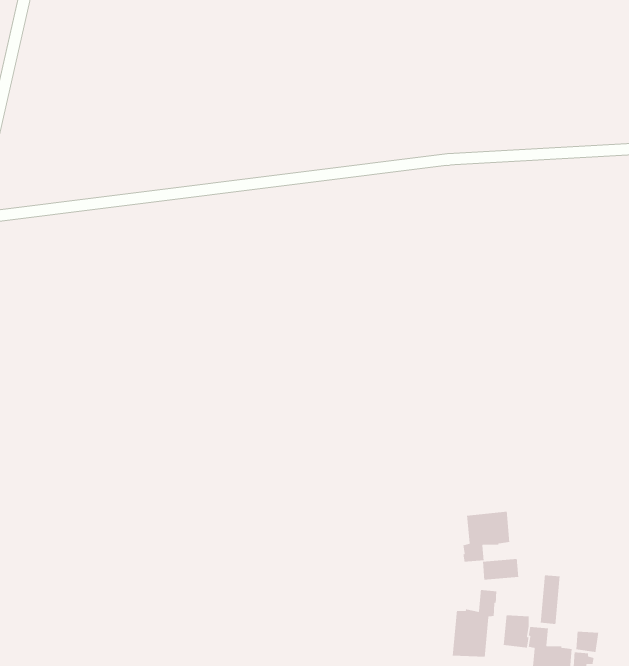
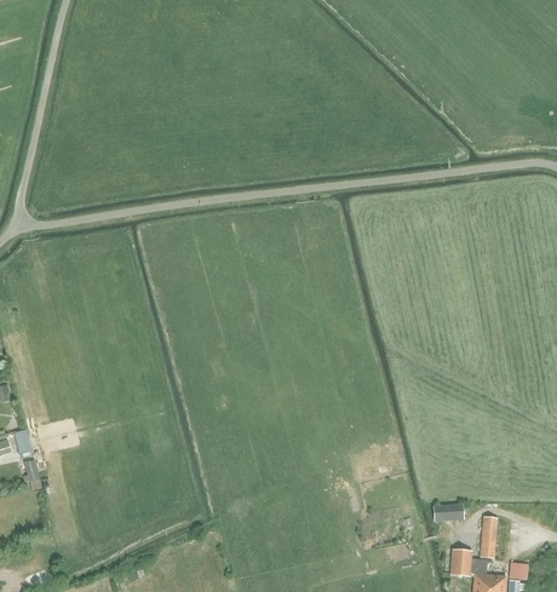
building: [462,511,510,563] -> none
building: [452,589,497,658] -> none

